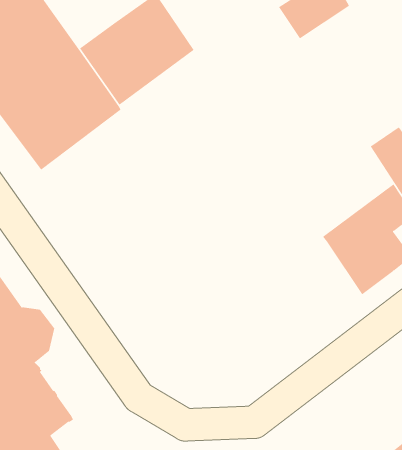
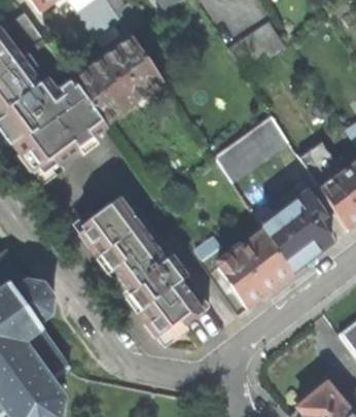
building: none -> [213,114,287,182]
building: none -> [81,195,208,341]
building: none -> [217,231,292,308]

